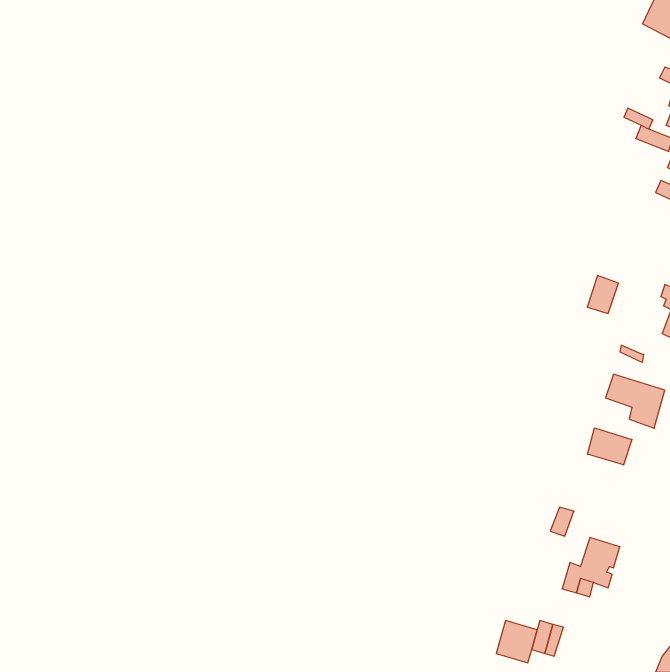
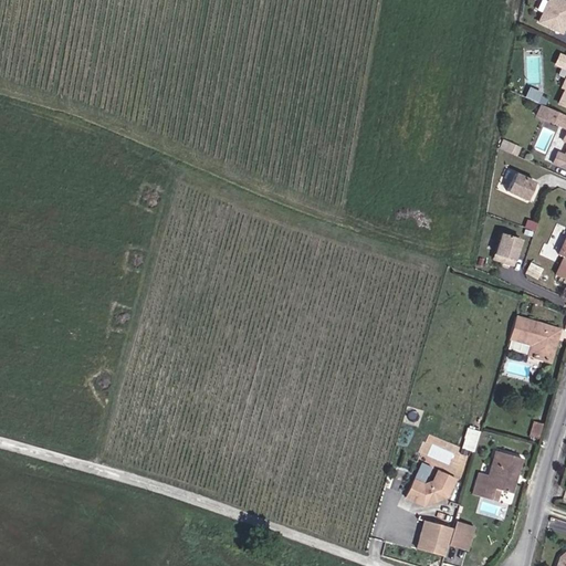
building: none -> [507,174,535,201]
building: [587,428,632,465] -> none
building: none -> [406,470,458,505]

